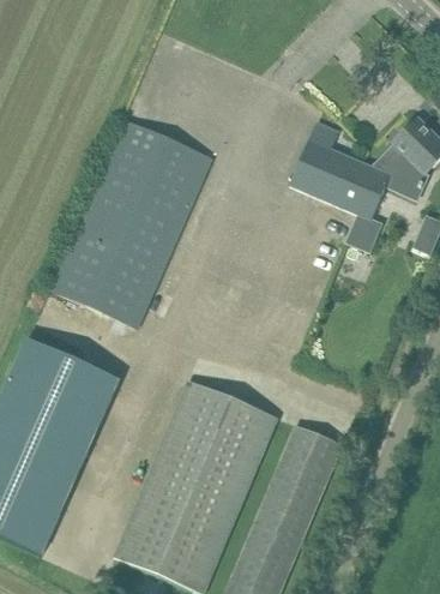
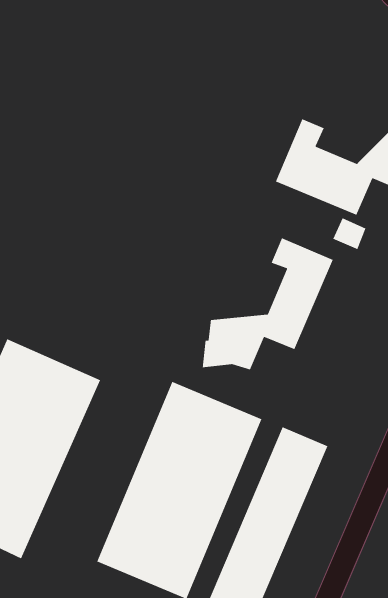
building: [49,119,212,326] -> none
building: none -> [202,237,334,370]

